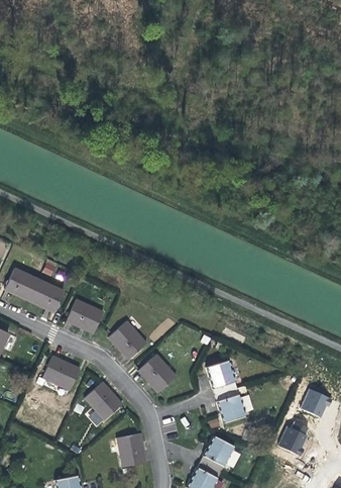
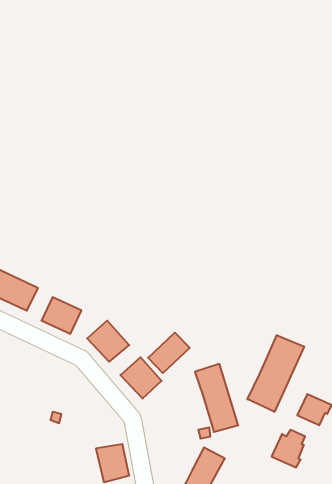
building: none -> [148,333,190,373]
building: none -> [247,335,304,412]
building: [43,355,81,390] -> none
building: [86,381,123,419] -> none

